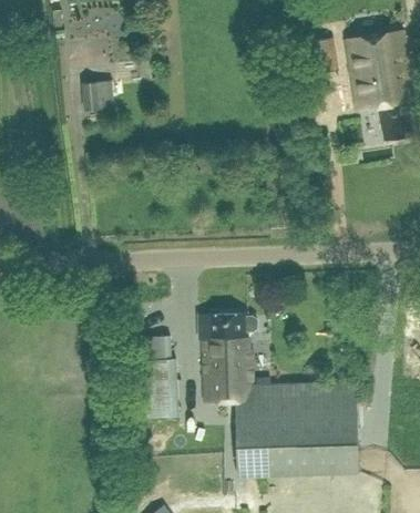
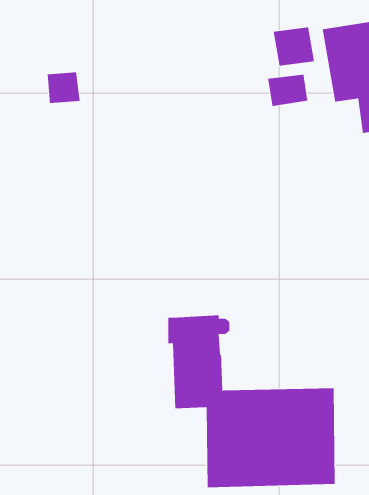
building: none -> [268,74,308,107]
building: [141,337,176,419] -> none

